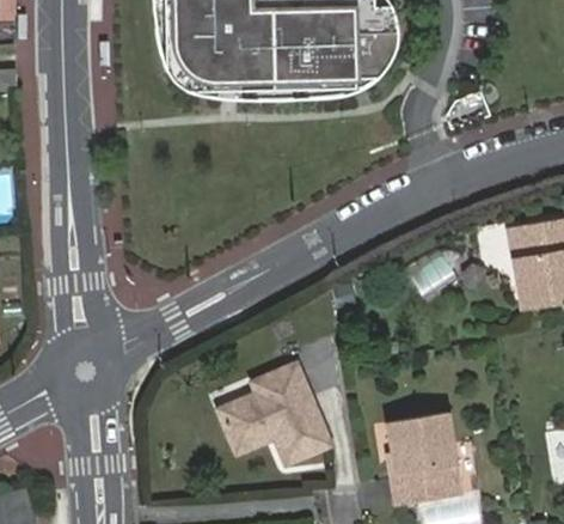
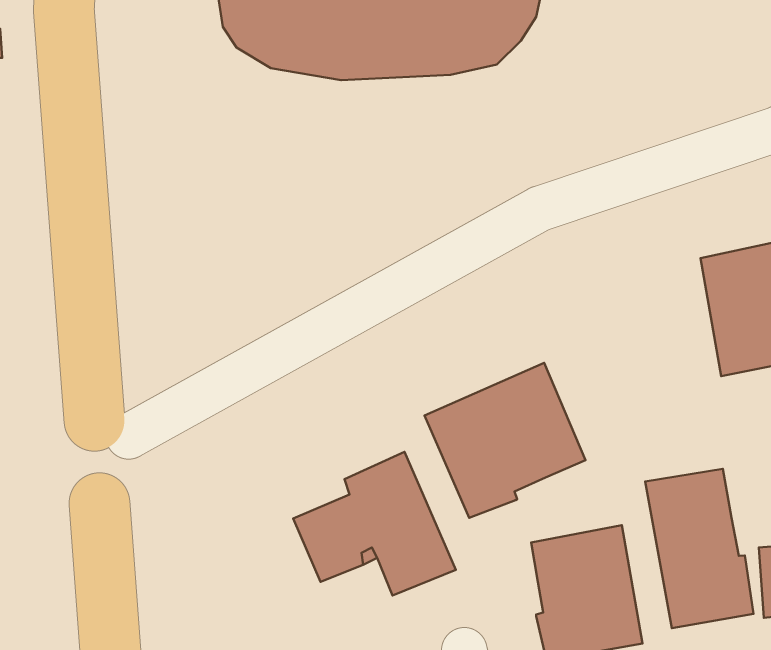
building: none -> [425,363,585,518]
building: none -> [645,469,753,628]

